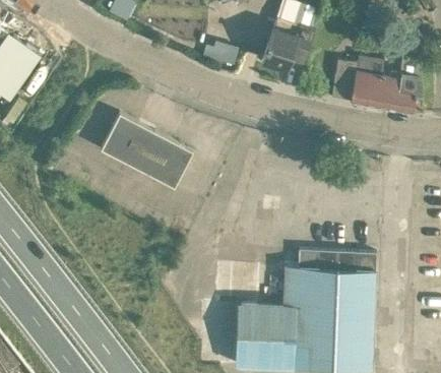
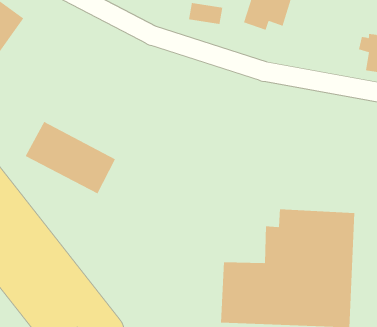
building: [333,57,389,111] -> none
building: [100,115,192,189] -> [25,121,116,194]

